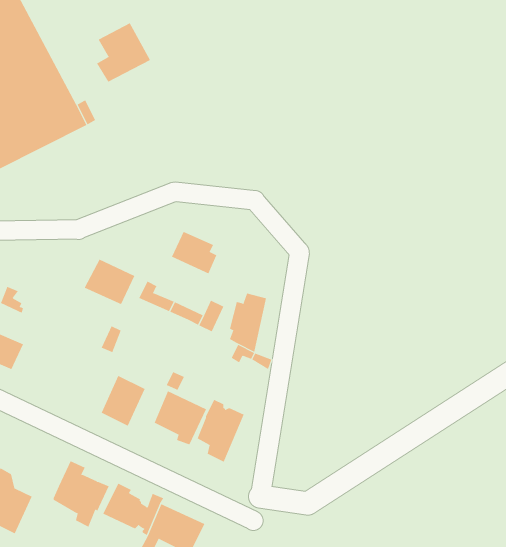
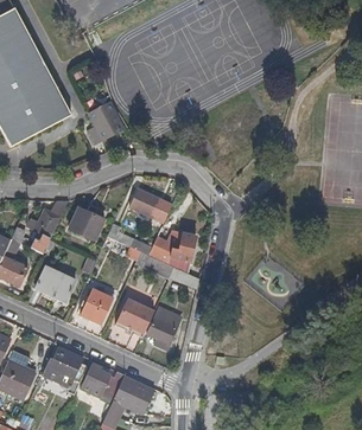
building: [96,23,151,82] -> [87,103,125,145]
building: none -> [30,200,65,253]
building: none -> [34,265,75,299]

